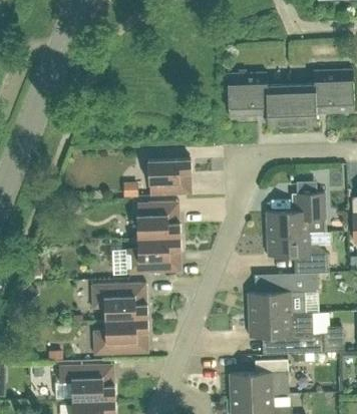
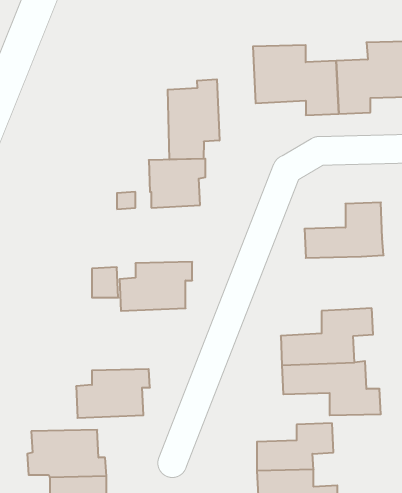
building: none -> [168,79,219,160]
building: [136,201,181,238] -> none
building: [267,232,330,273] -> none
building: [91,283,147,319] -> none

